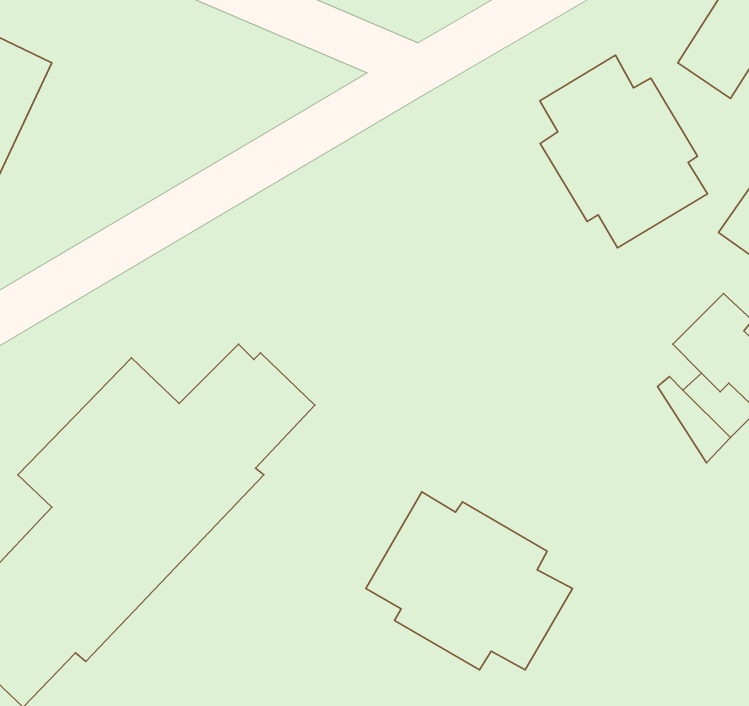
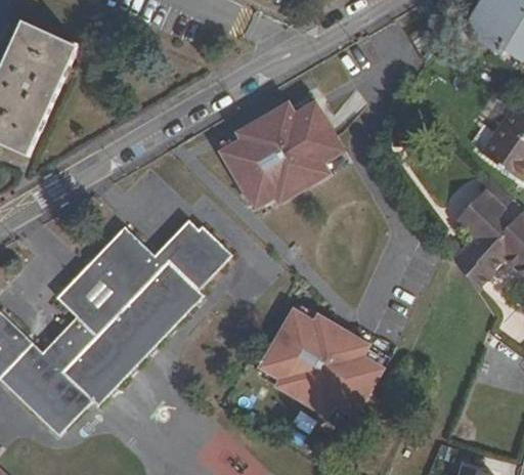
building: [540,55,707,248] -> none
building: none -> [223,98,347,208]

